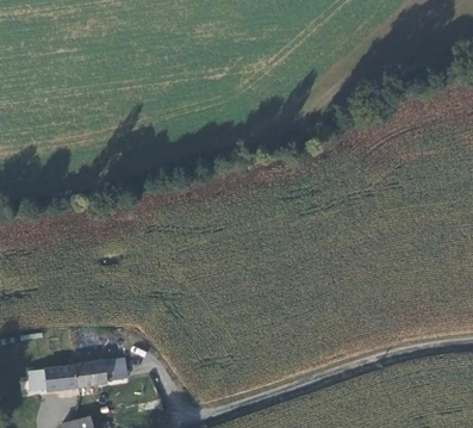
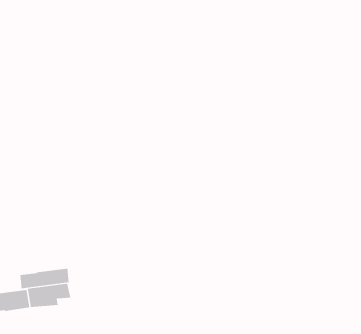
building: none -> [20,268,69,289]

